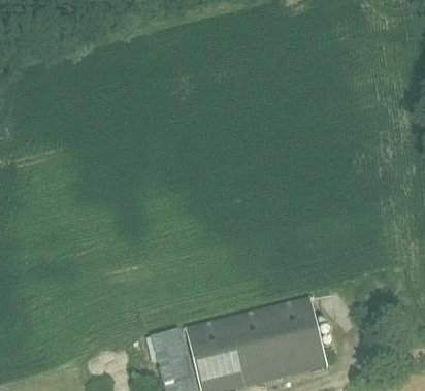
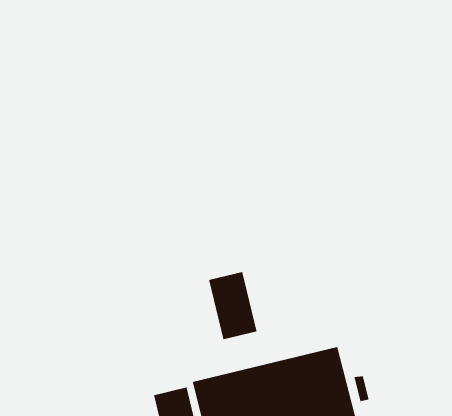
building: none -> [208,271,257,340]

